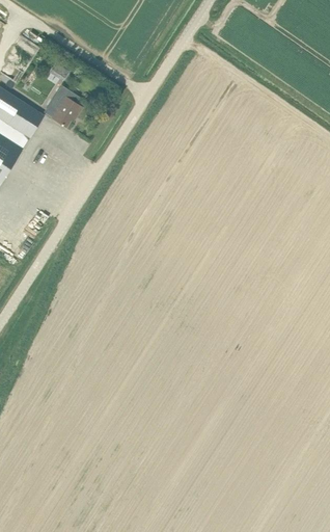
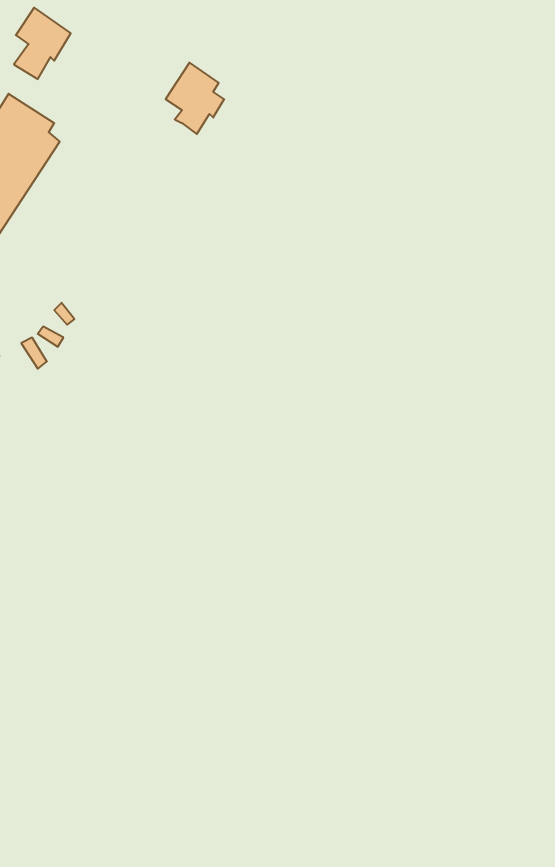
building: [46,85,79,126] -> [166,63,224,134]

